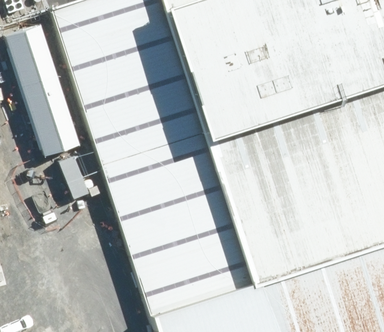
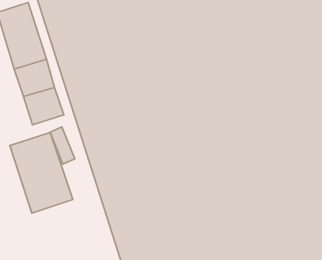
building: none -> [10,133,73,213]

